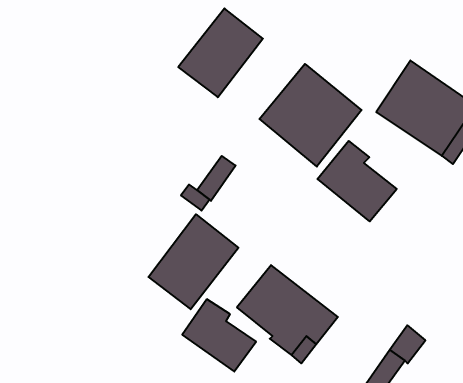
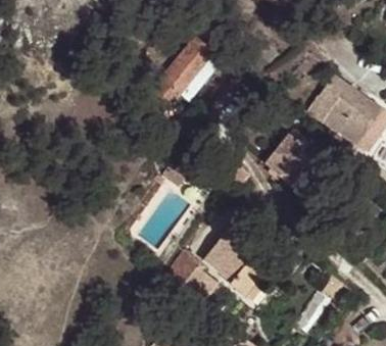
building: [259,64,362,167] -> none
building: [148,214,238,309] -> none

